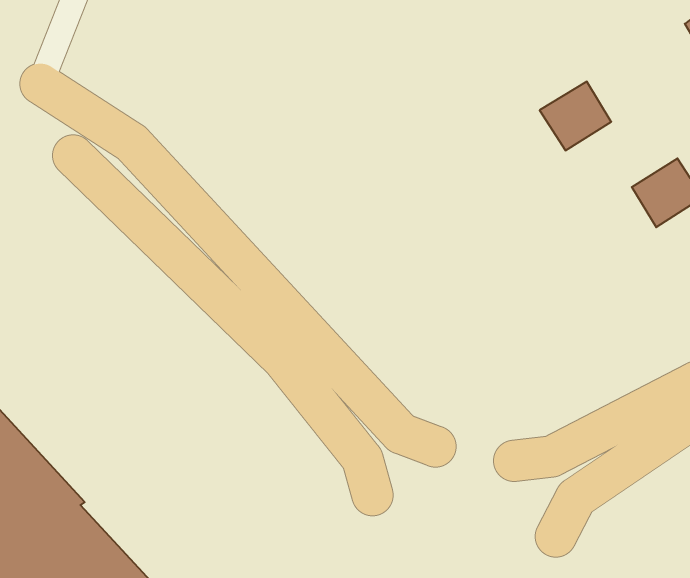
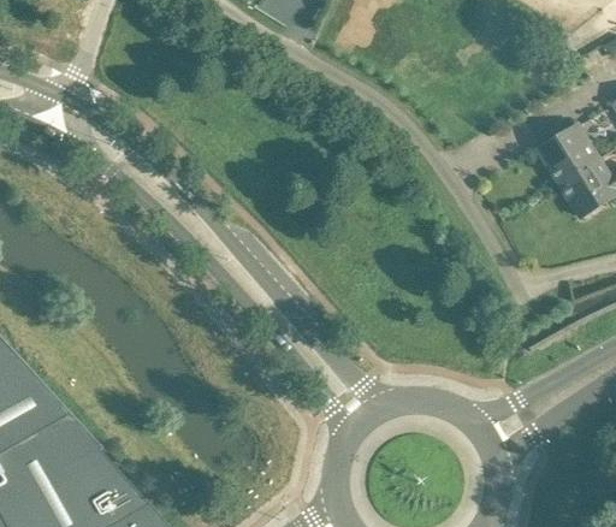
building: [540,82,611,150] -> [539,126,599,184]

